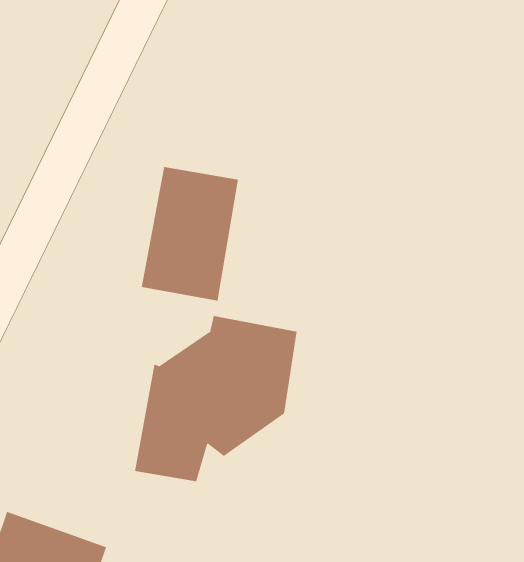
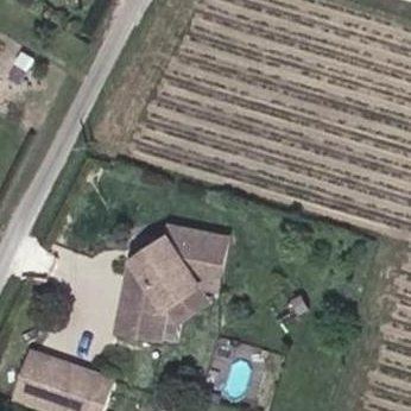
building: [141,166,239,302] -> none

